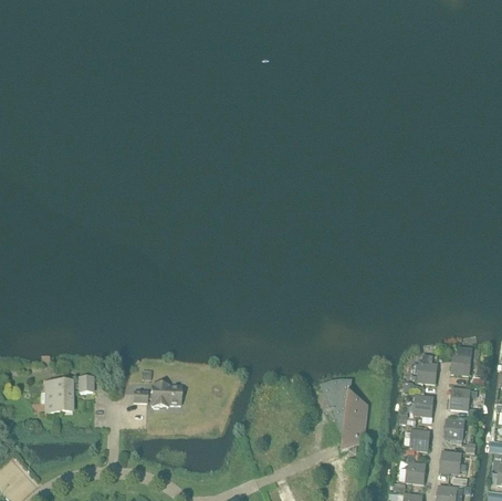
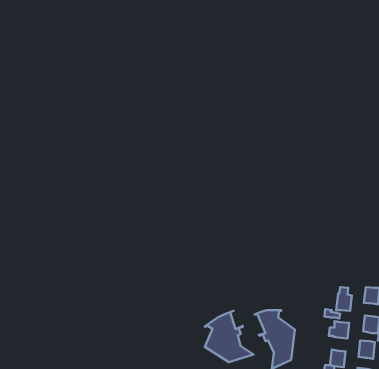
building: [41,376,93,410] -> none
building: none -> [205,311,254,362]
building: [134,384,181,406] -> none

